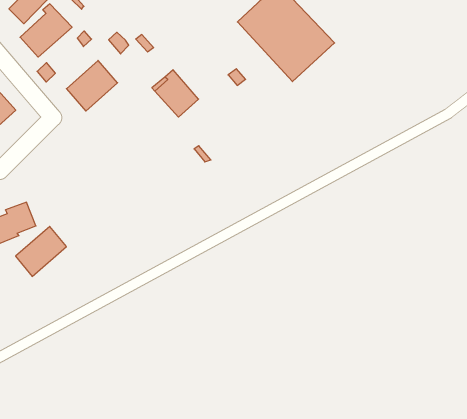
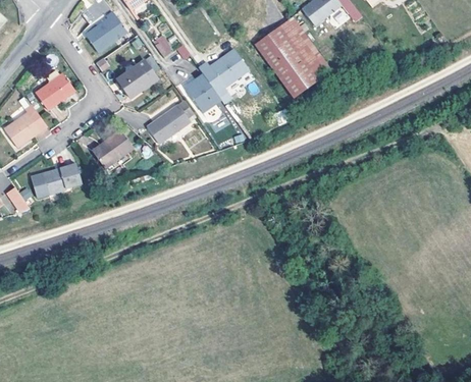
building: none -> [197,48,248,97]
building: none -> [146,100,194,143]
building: [16,226,66,276] -> [92,130,133,168]

